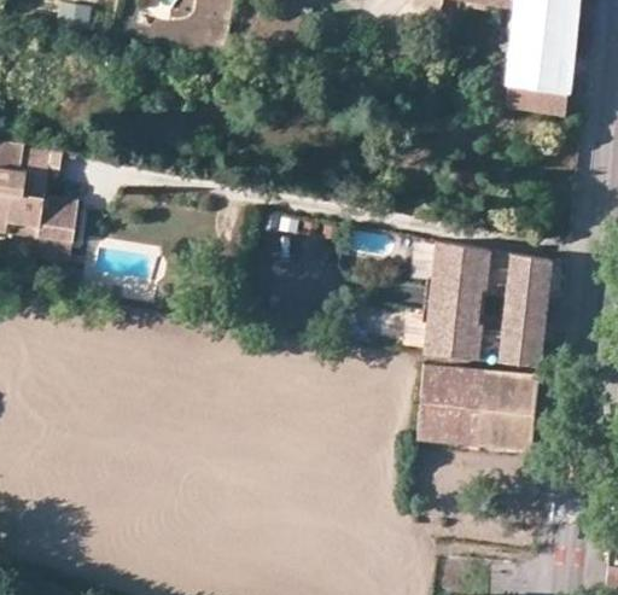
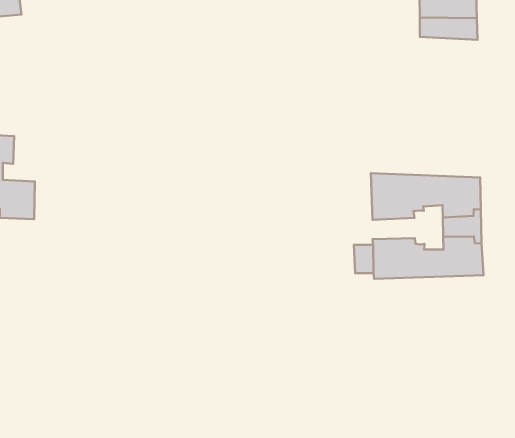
building: [428,287,482,323] -> none
building: [416,364,538,449] -> none

